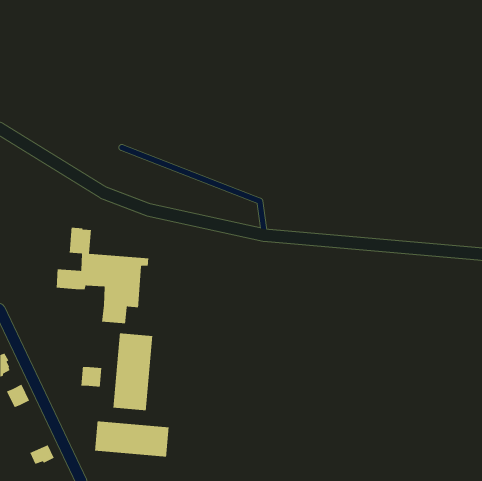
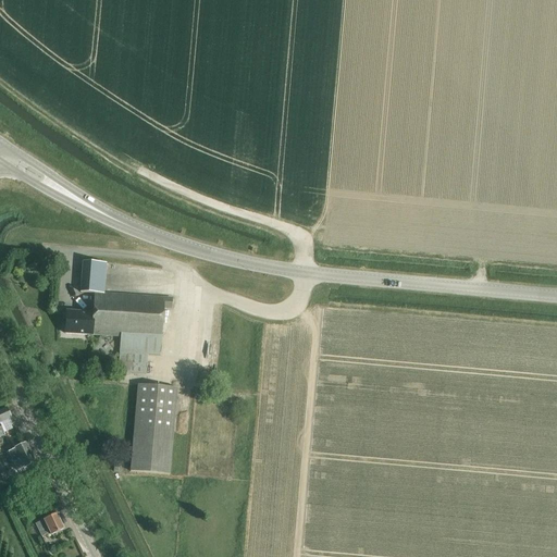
building: [80,366,102,388] -> none
building: [94,420,170,457] -> none

